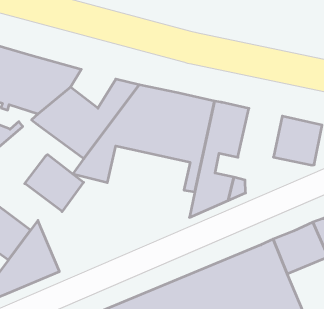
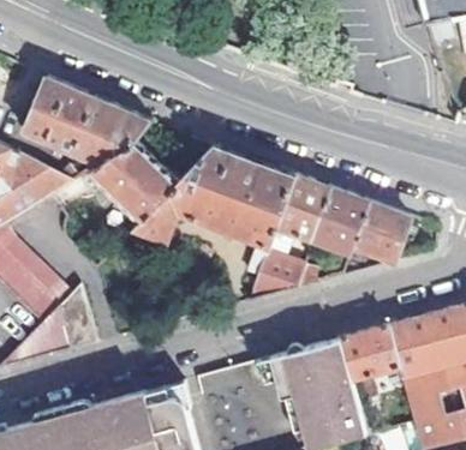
building: none -> [311,188,366,253]
building: [25,155,84,212] -> none

